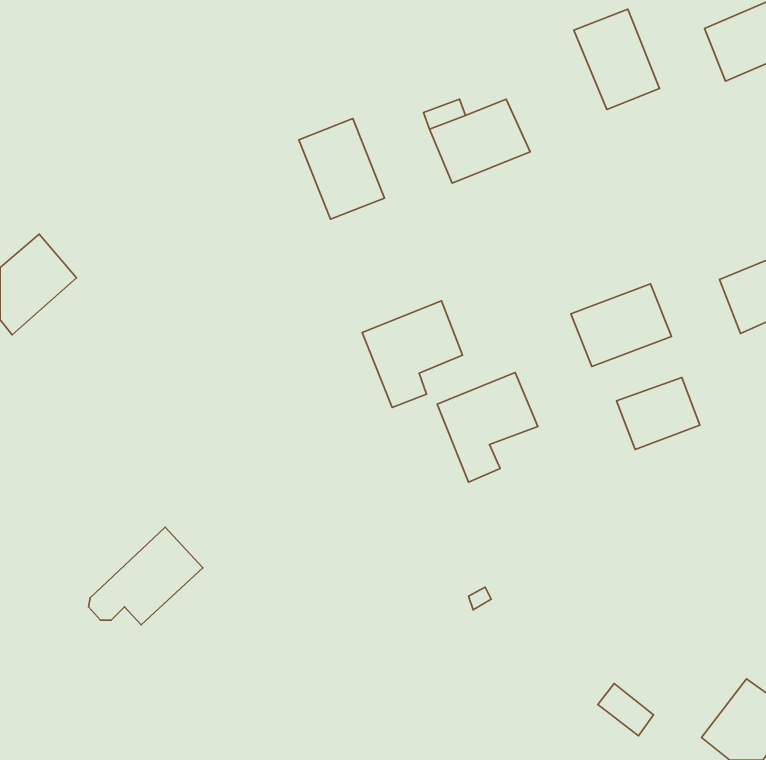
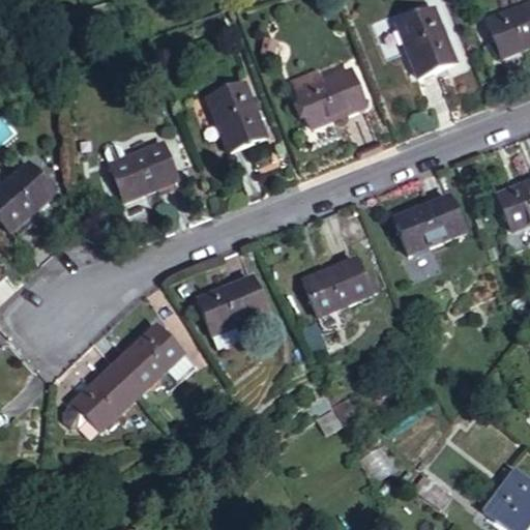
building: none -> [111,141,180,199]
building: [362,301,463,408] -> [197,275,266,349]
building: [617,378,700,450] -> none
building: none -> [115,325,195,391]

